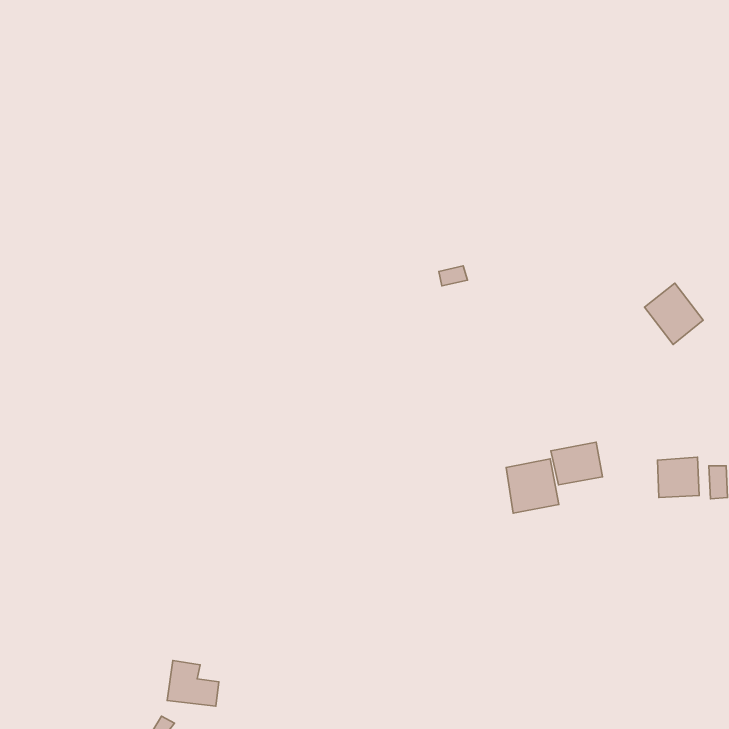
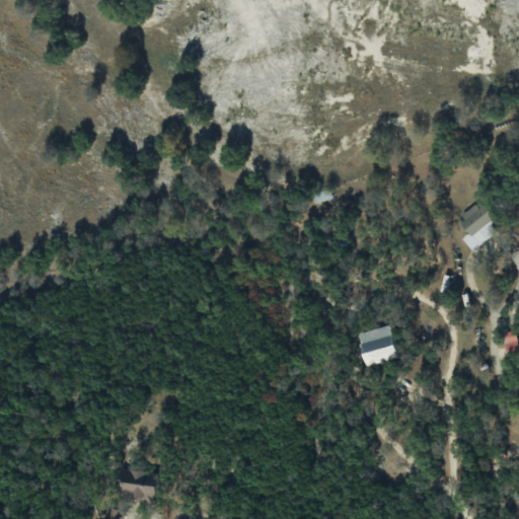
building: [551,442,603,485] -> none
building: [658,457,699,497] -> none

